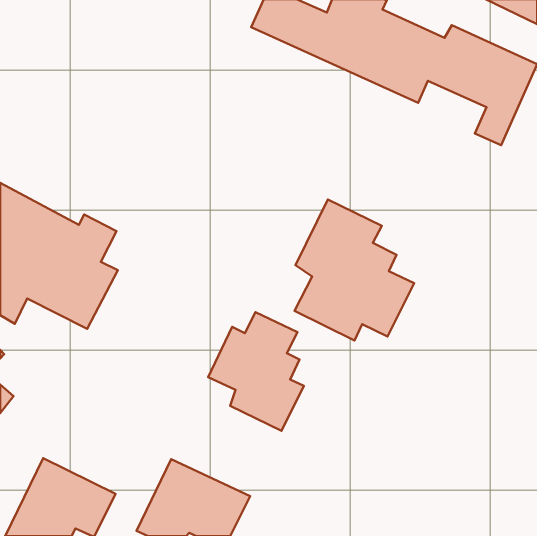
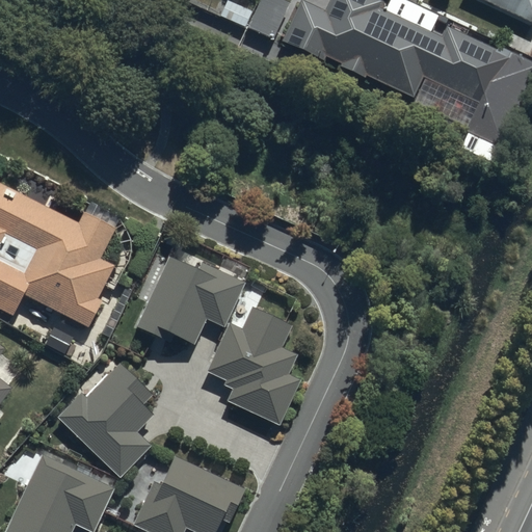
building: [295,199,414,341] -> none
building: none -> [138,251,240,348]
building: none -> [61,363,160,477]

